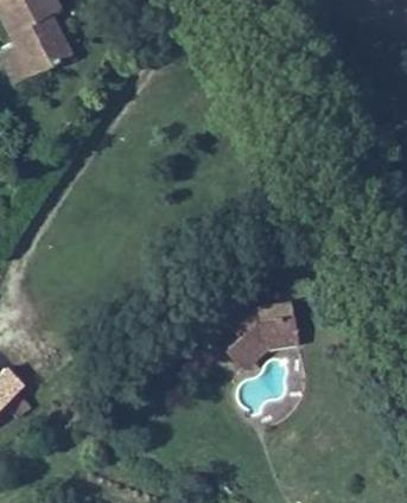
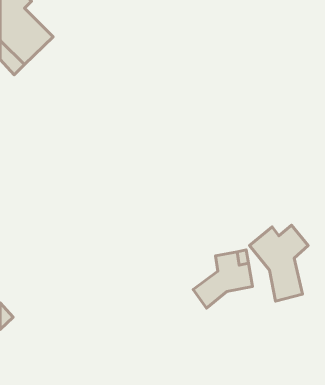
building: none -> [250,225,308,301]

